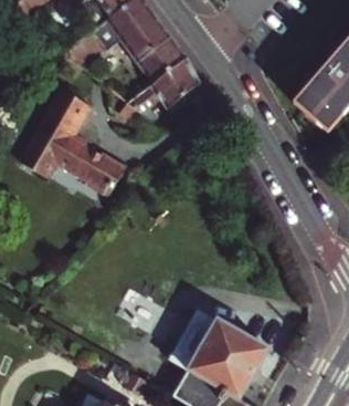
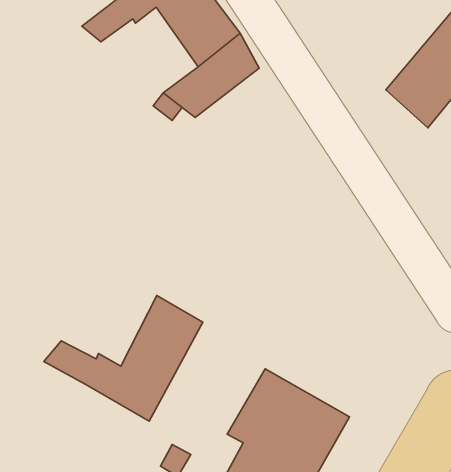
building: [21,91,125,196] -> none
building: none -> [44,296,203,421]

